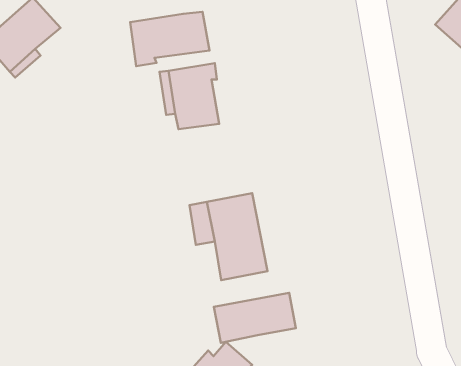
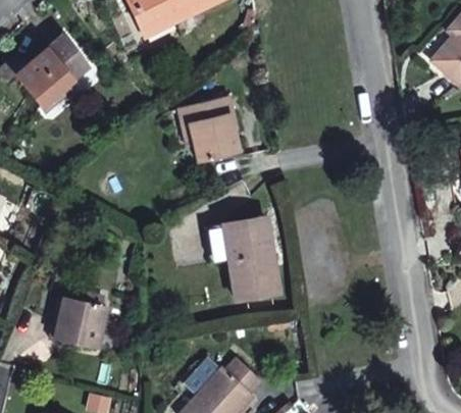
building: [130,12,209,66] -> none
building: none -> [56,300,108,347]
building: [214,293,296,343] -> none

